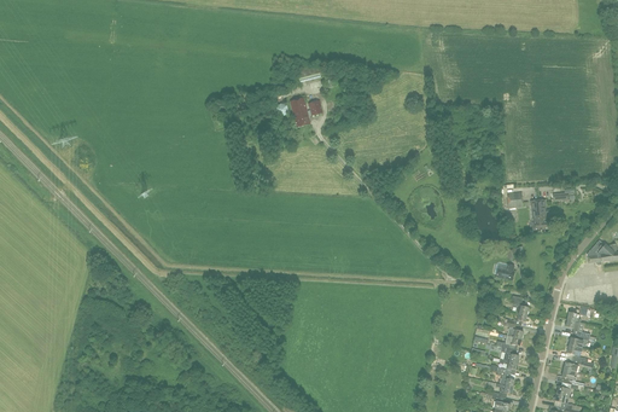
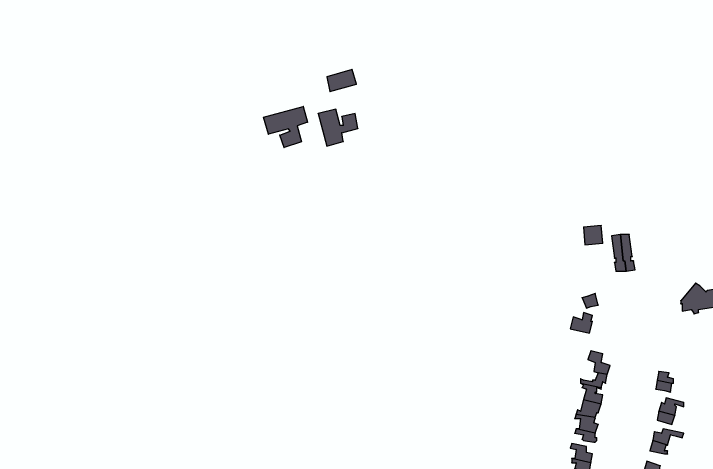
building: none -> [263,106,308,148]

